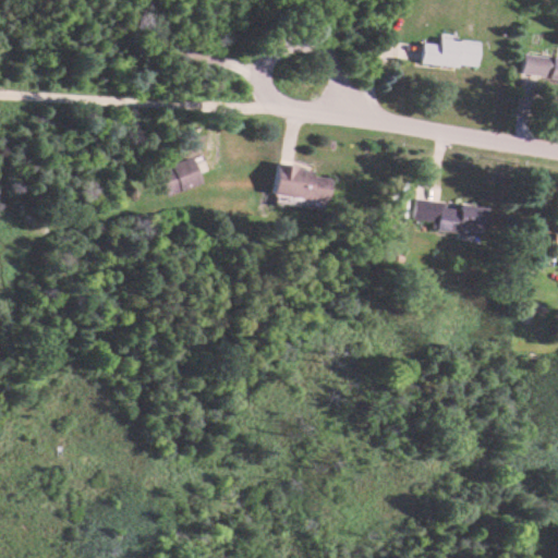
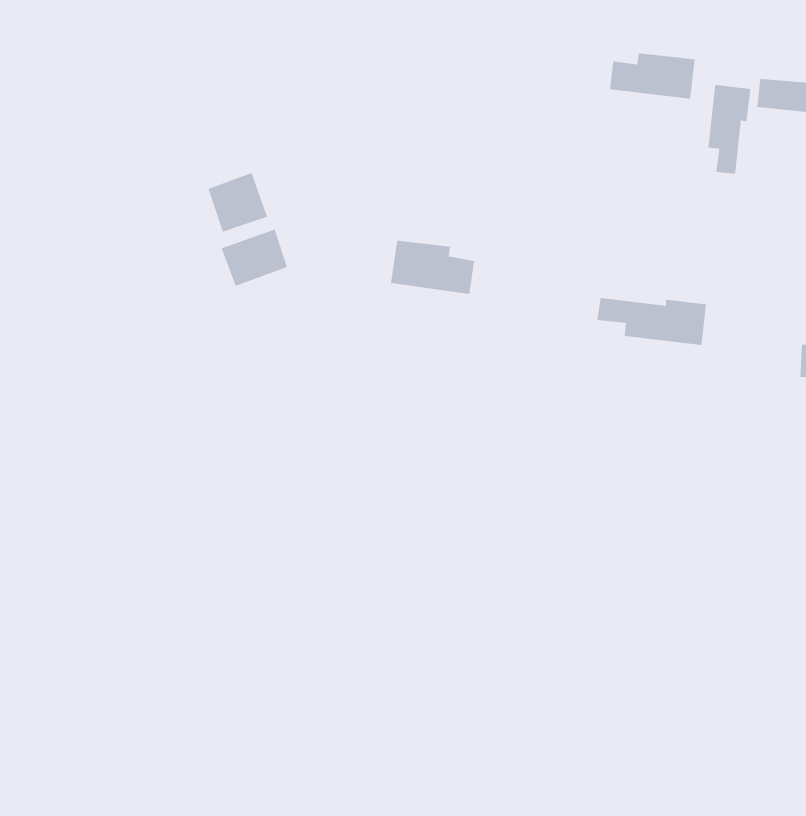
building: none -> [708,84,751,174]
building: none -> [208,172,268,232]

